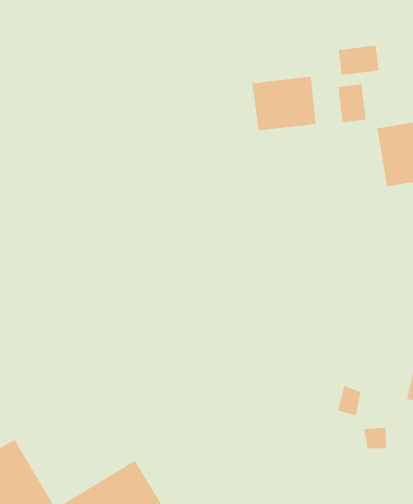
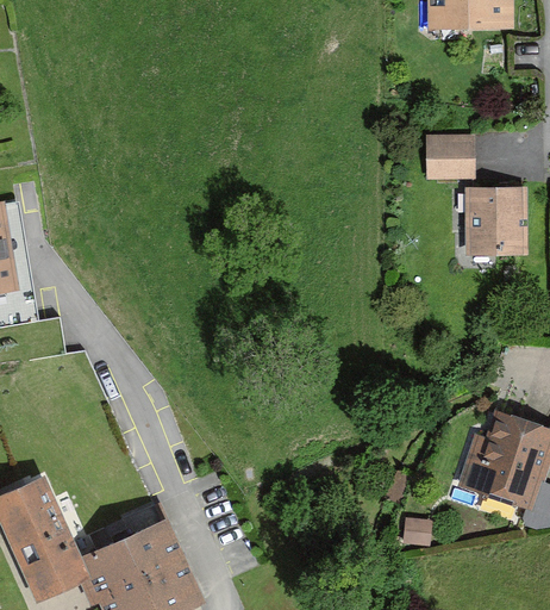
building: [338,45,380,76] -> none
building: [252,76,316,131] -> none

